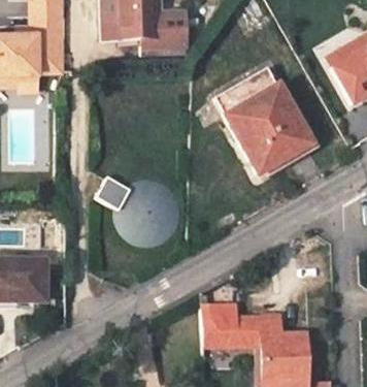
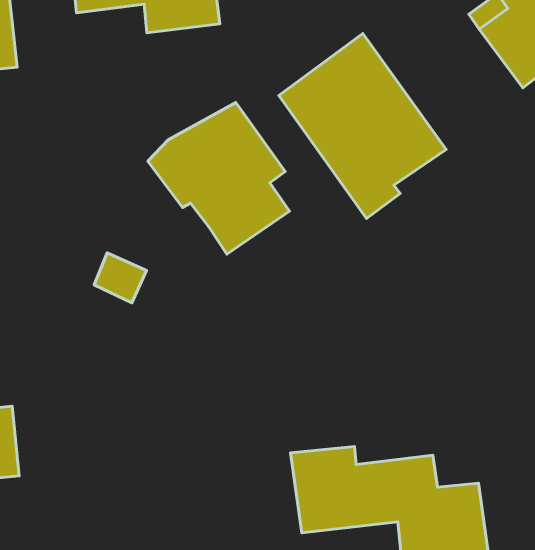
building: none -> [148,103,290,254]

